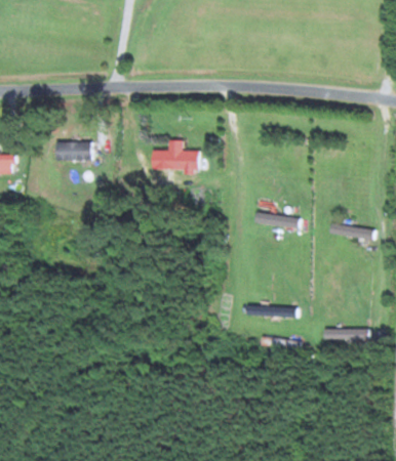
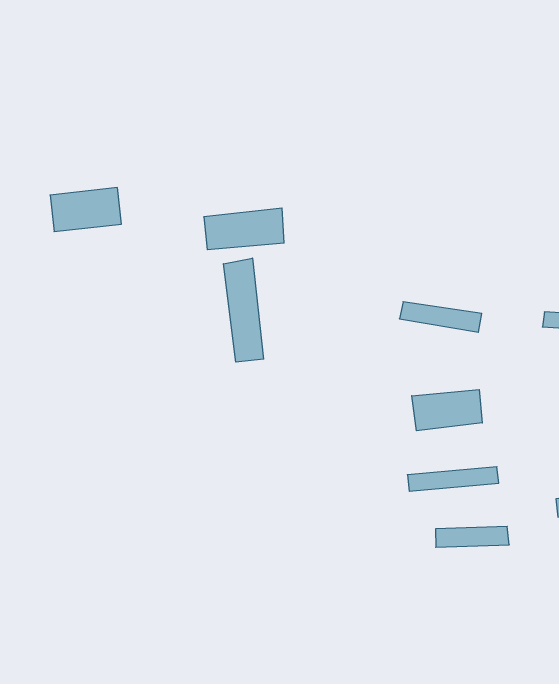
building: none -> [223,258,264,362]
building: none -> [412,390,482,431]

